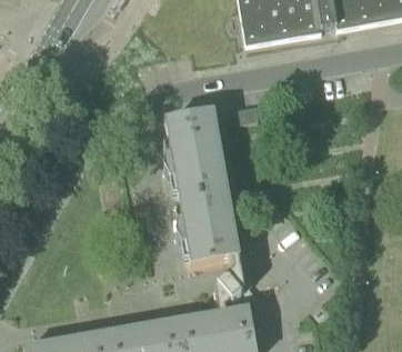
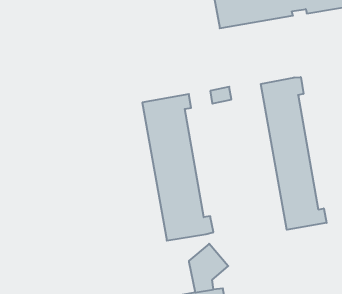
building: none -> [261,77,327,230]

